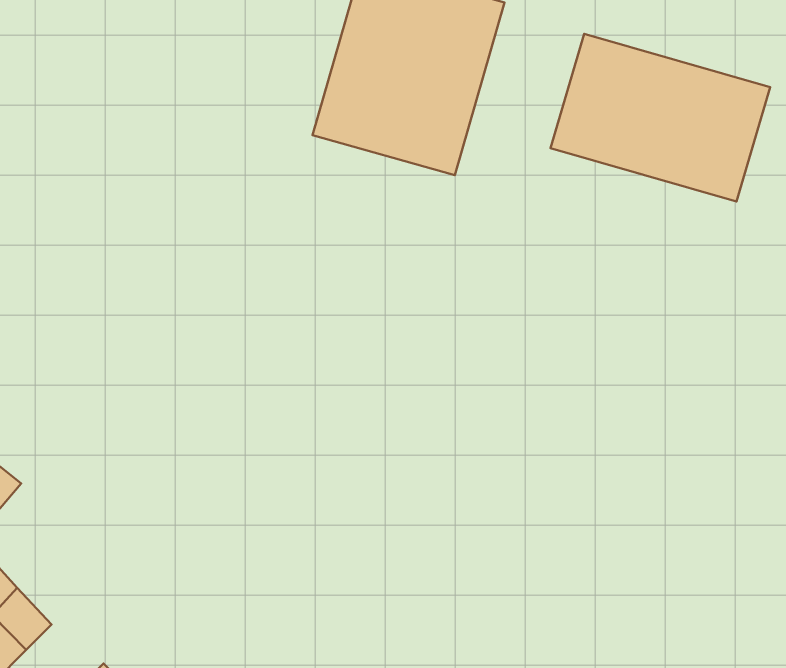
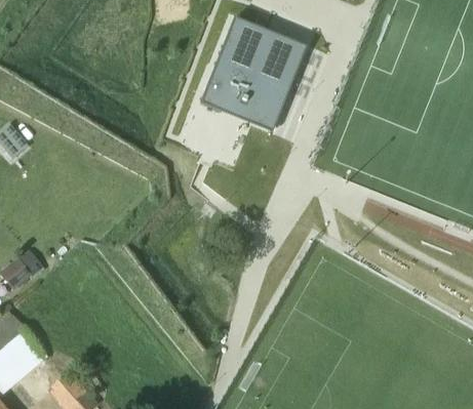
building: [550,34,770,202] -> none

